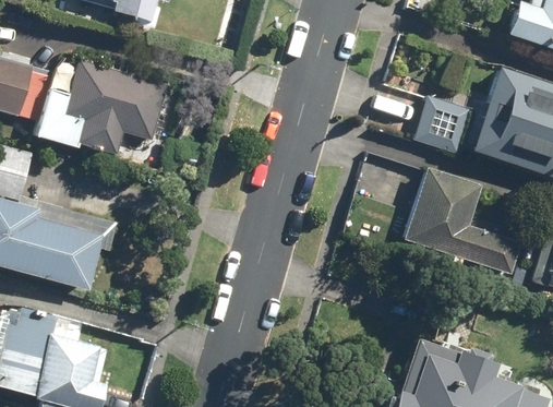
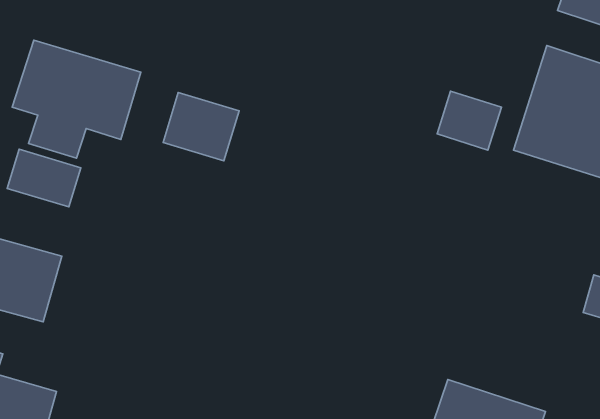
building: none -> [163,92,239,161]
building: none -> [7,149,81,207]
building: [401,166,521,276] -> none

